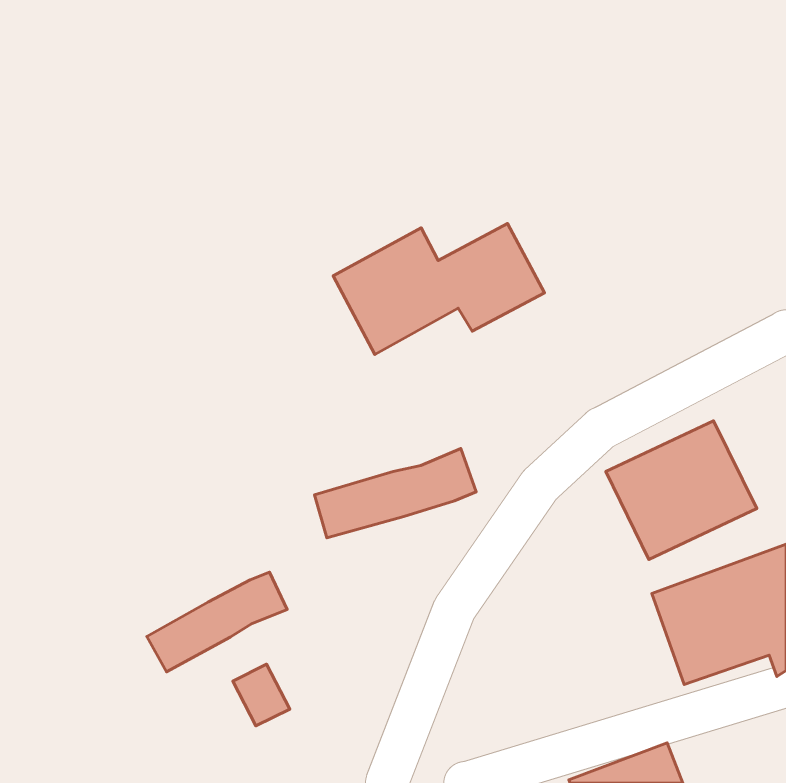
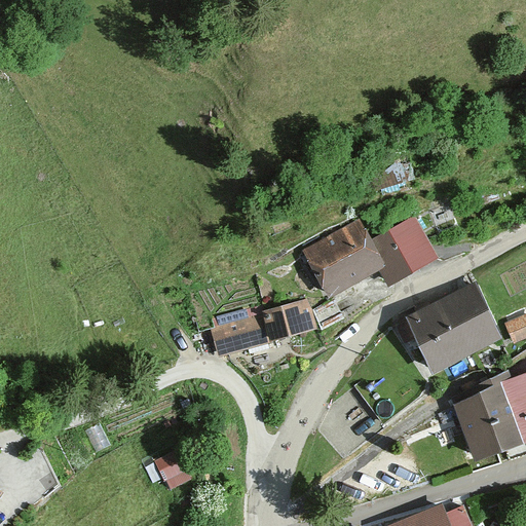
building: [333,223,544,354] -> [299,217,440,304]
building: [147,572,287,672] -> none

